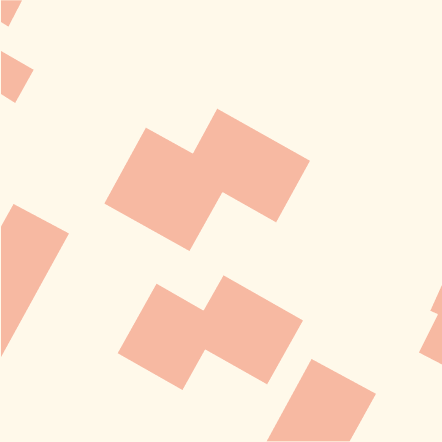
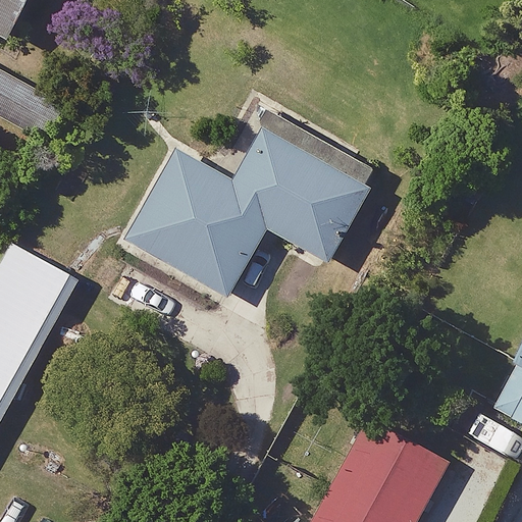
building: [116,274,304,391] -> none

